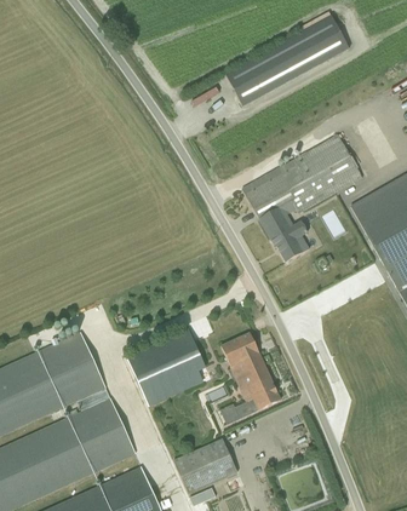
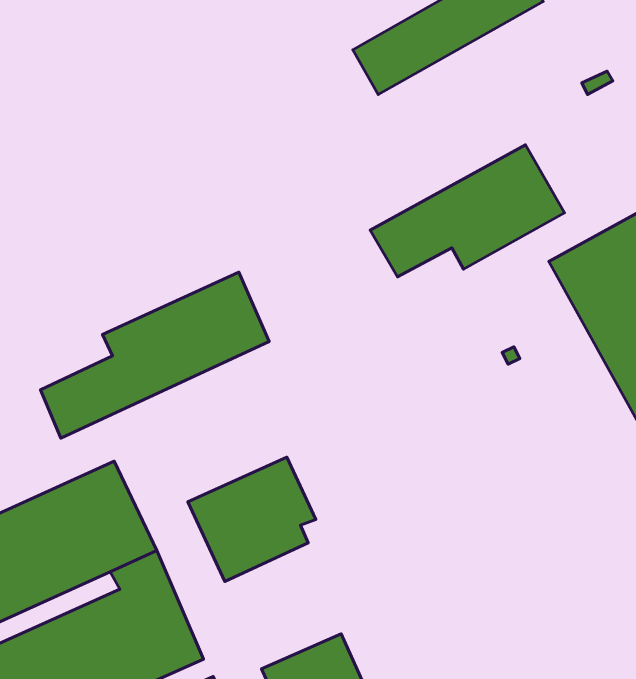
building: [257,202,309,262] -> none
building: none -> [40,272,269,438]
building: [210,333,280,424] -> none

